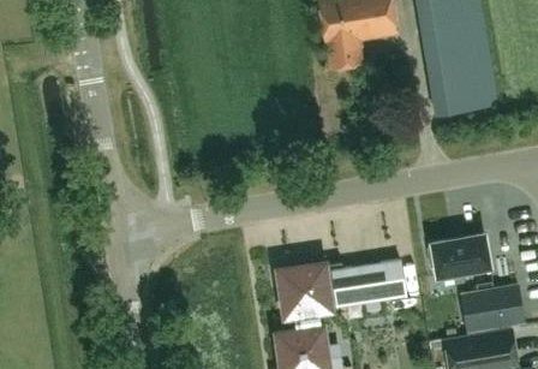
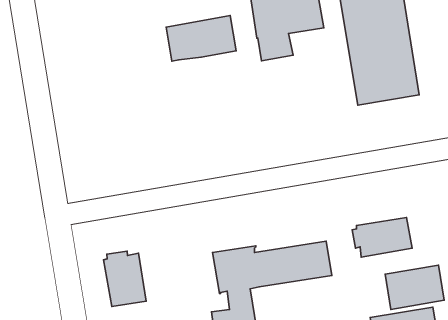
building: none -> [166,16,236,61]
building: none -> [104,251,146,306]

